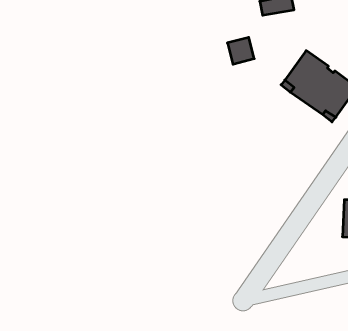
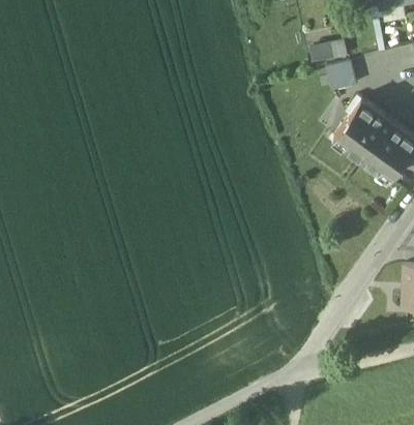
building: [227,37,254,64] -> [327,61,357,91]

